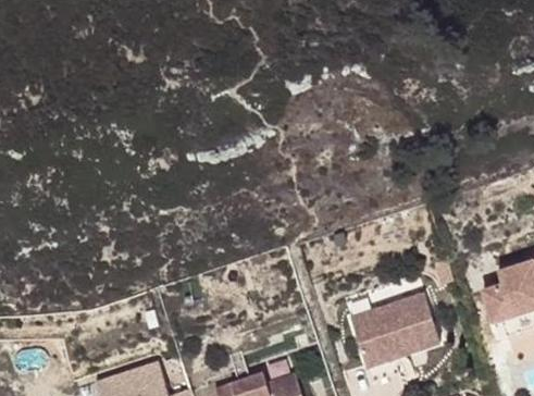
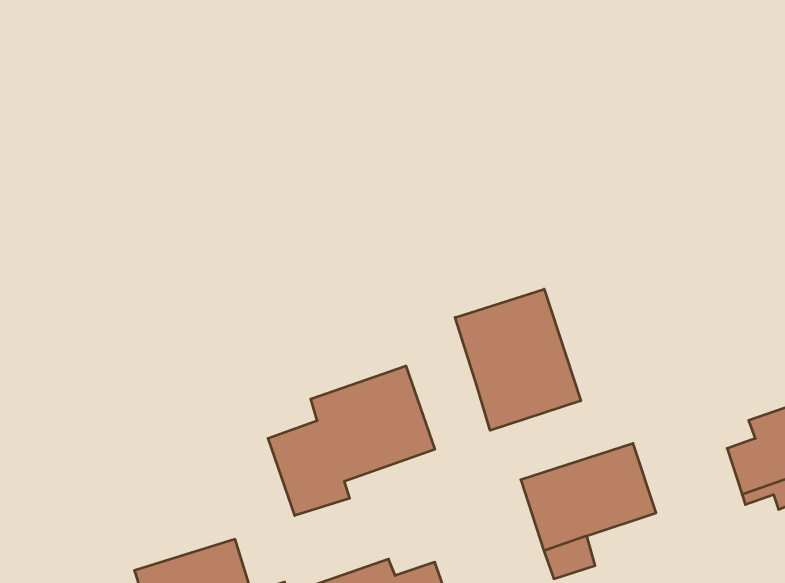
building: none -> [455,289,581,430]
building: none -> [268,366,435,516]

